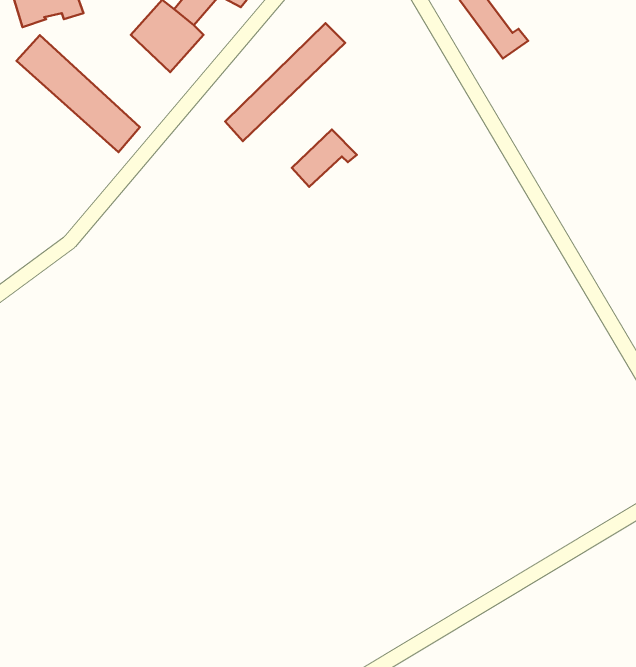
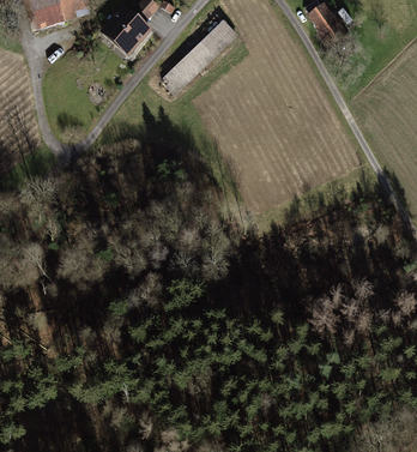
building: [16,35,140,152] -> none
building: [292,129,357,187] -> none

